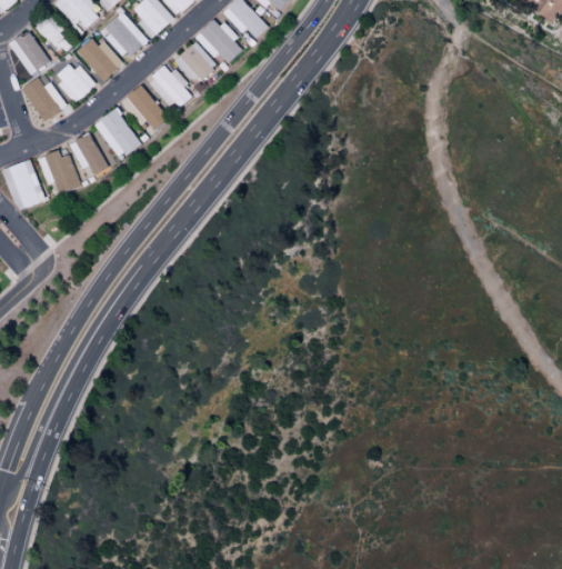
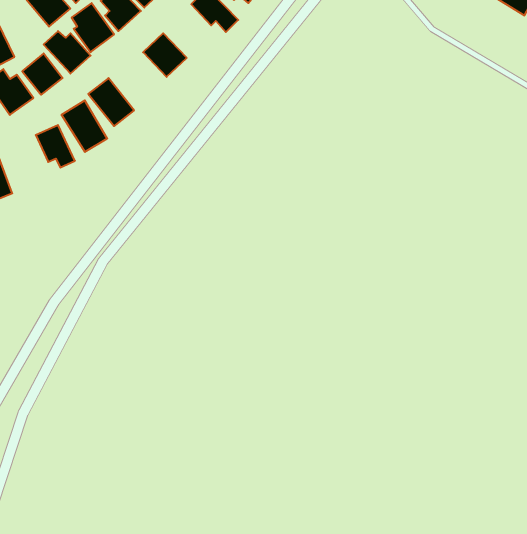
building: [195,16,243,63] -> none
building: [149,64,194,108] -> none
building: [39,150,80,193] -> none

